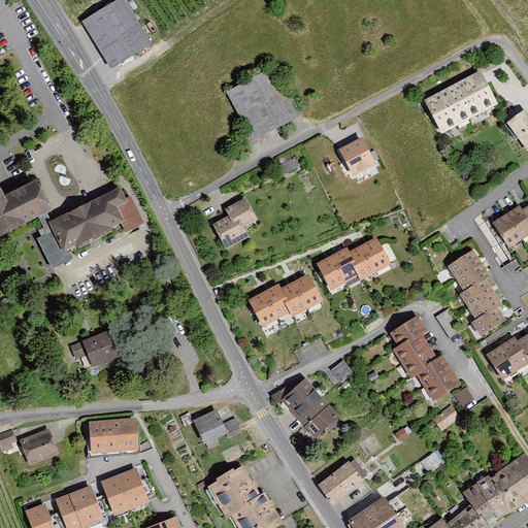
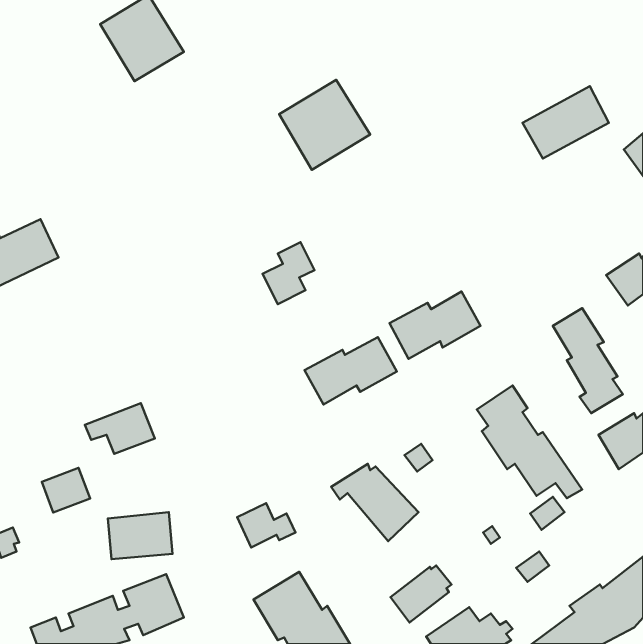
building: [339,134,374,170] -> none
building: [33,185,139,267] -> none
building: [20,429,59,465] -> [42,468,90,512]

